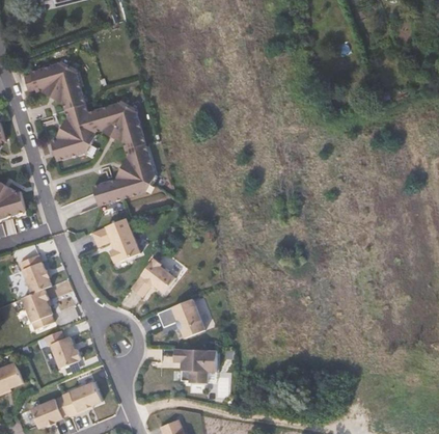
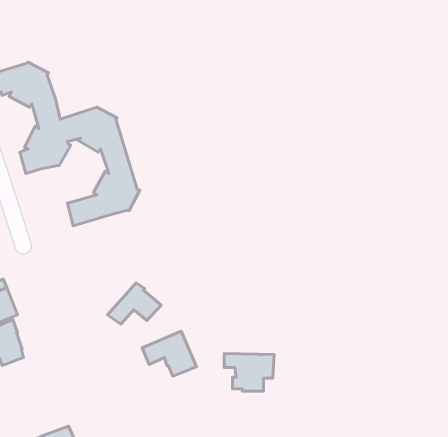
building: [91,217,140,262] -> none
building: [45,329,81,368] -> none
building: [173,348,217,381] -> [224,353,274,391]

